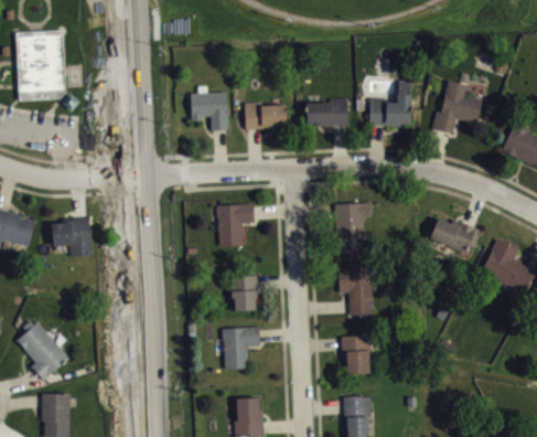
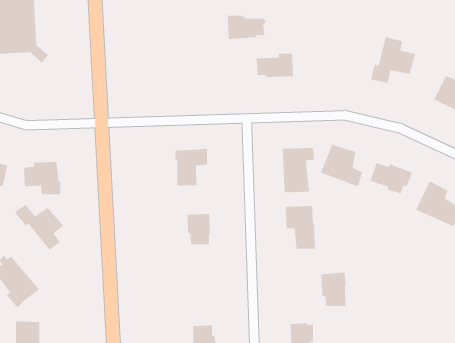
building: [370,81,411,127] -> none
building: [191,86,227,131] -> none
building: [245,103,288,130] -> [227,15,266,40]
building: none -> [320,144,363,187]
building: none -> [14,204,64,251]
building: [222,328,260,370] -> none
building: [342,335,370,374] -> [320,272,347,307]

